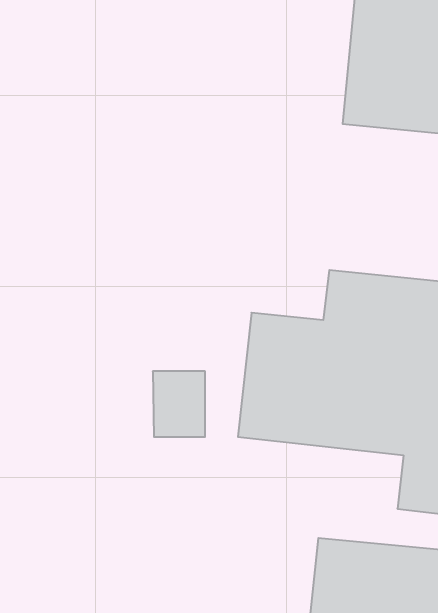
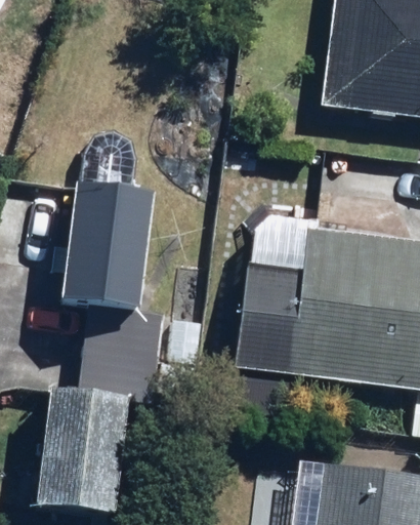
building: none -> [65,128,153,308]
building: none -> [39,382,133,513]

